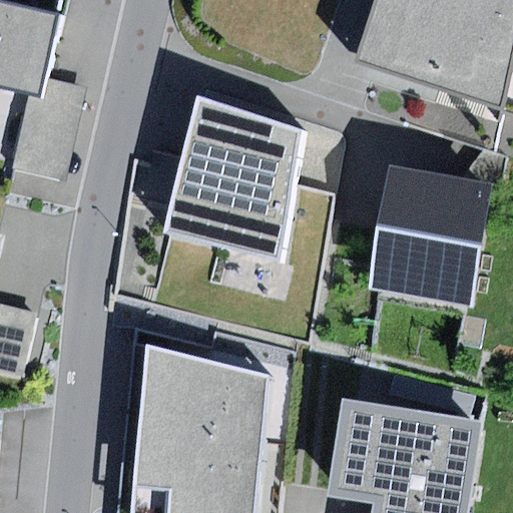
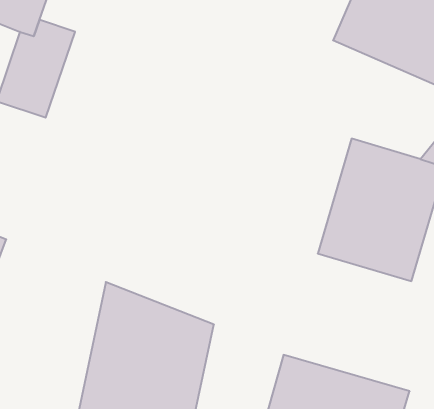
building: [166,98,299,260] -> none

